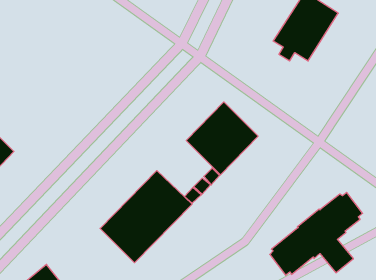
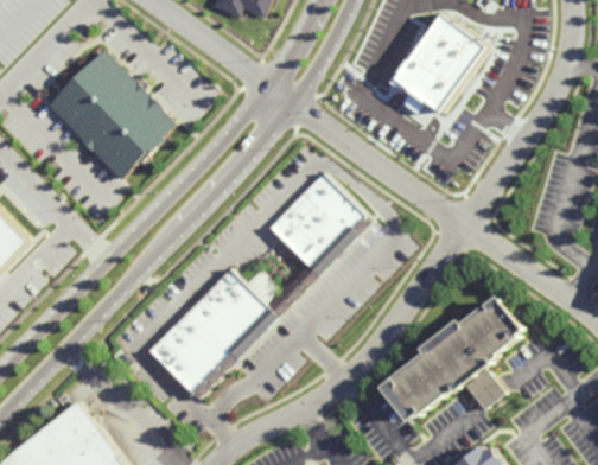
building: none -> [43,56,164,177]

